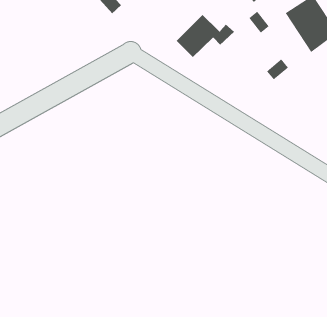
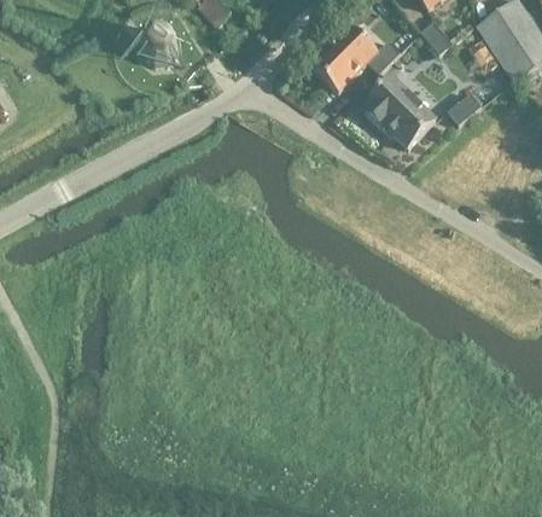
building: none -> [140,24,179,63]
building: none -> [362,75,435,146]

